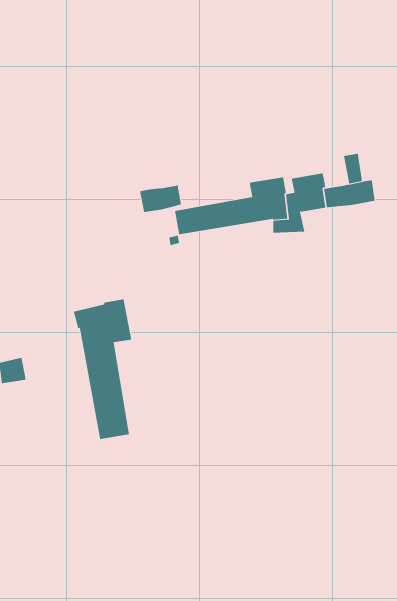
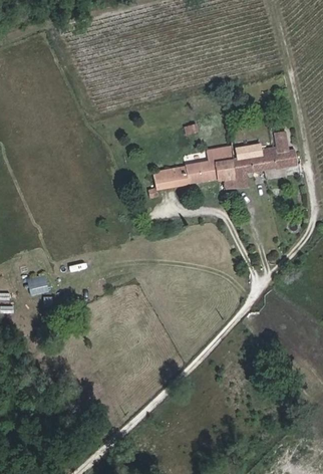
building: [140,184,182,213] -> none
building: [73,299,132,440] -> none

